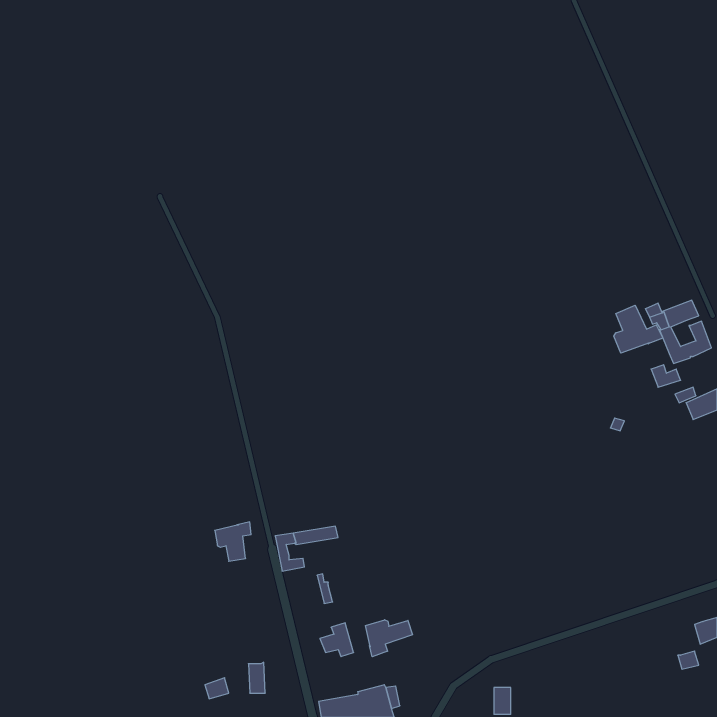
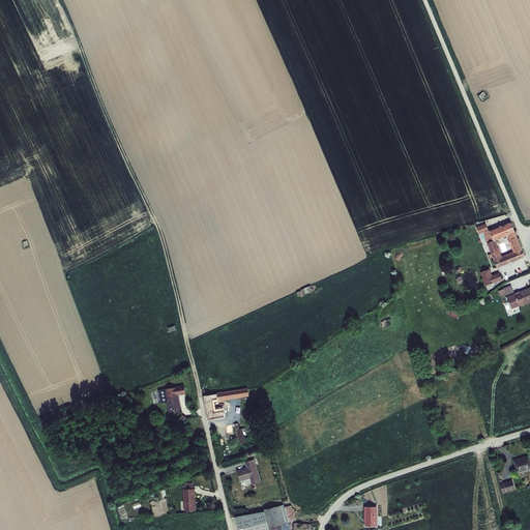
building: [614,305,663,353] -> none
building: [366,620,412,657] -> none

